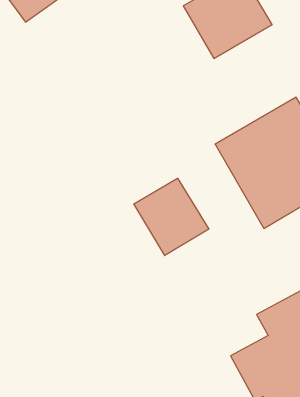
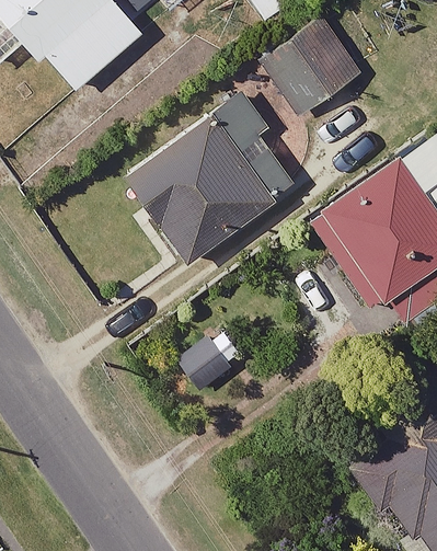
building: none -> [128,112,280,263]
building: [134,178,209,256] -> none

